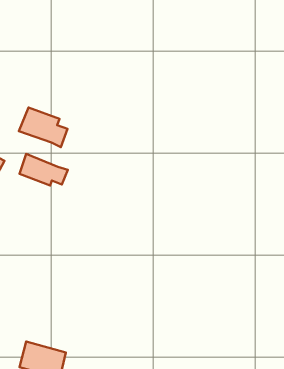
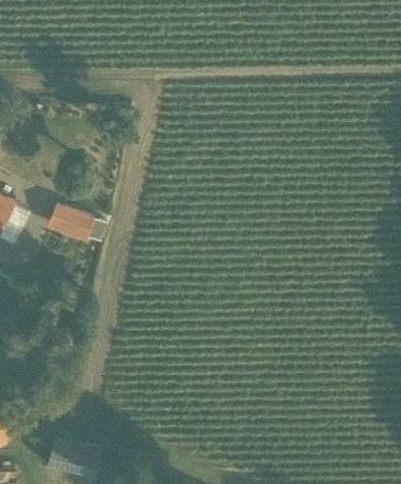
building: [19,107,67,147] -> none

